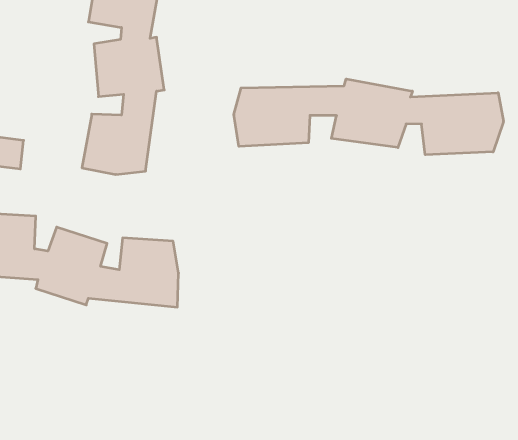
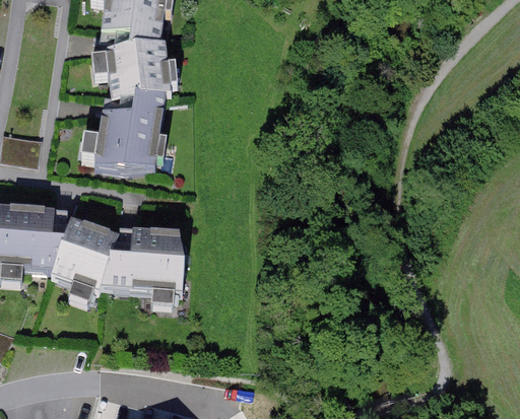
building: [234,79,503,155] -> none

